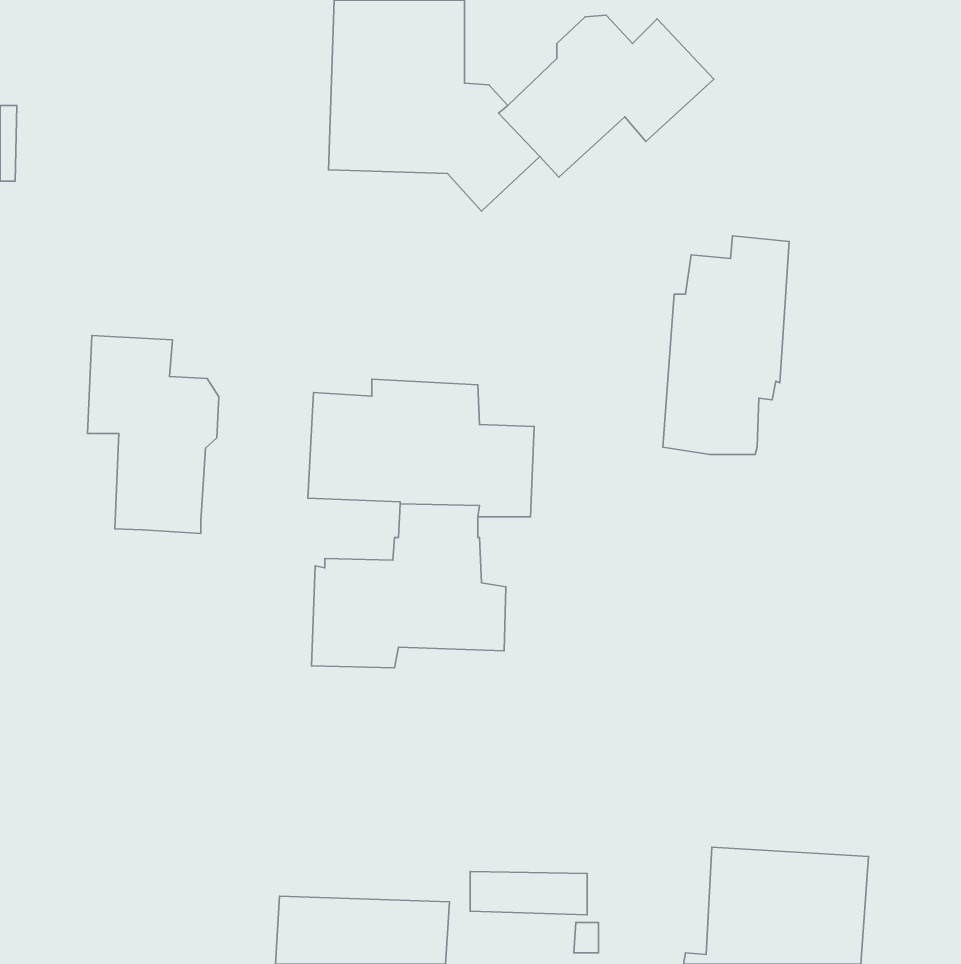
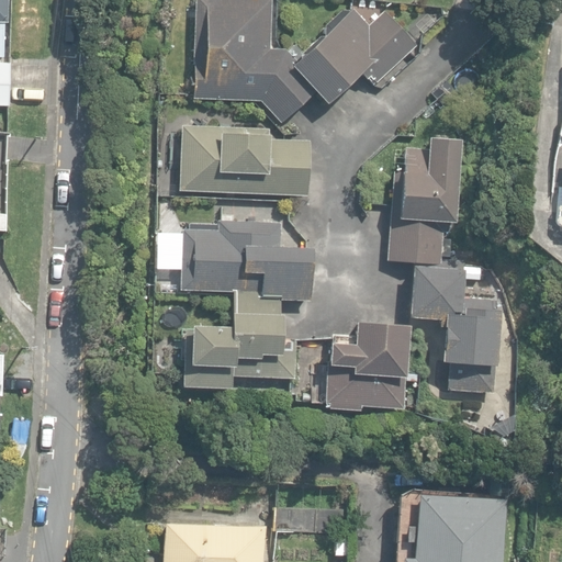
building: none -> [180,125,312,196]
building: [88,335,219,533] -> none
building: none -> [413,260,501,393]
building: none -> [325,322,409,411]

